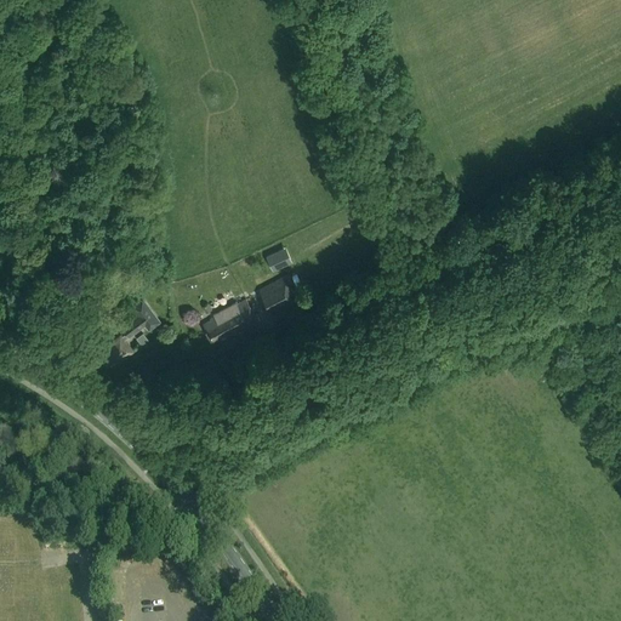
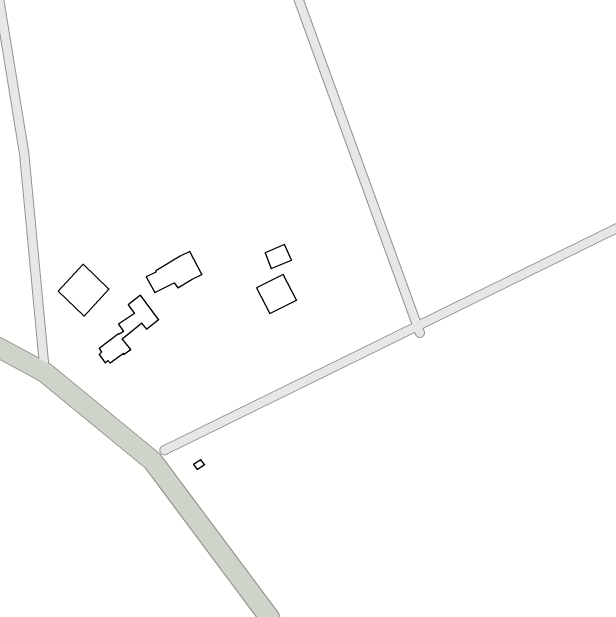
building: none -> [58,264,109,316]
building: [201,300,257,341] -> [146,251,202,293]

